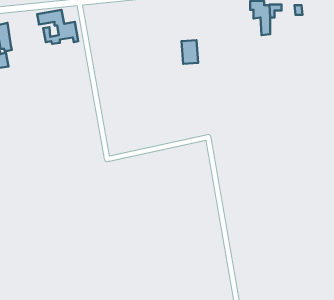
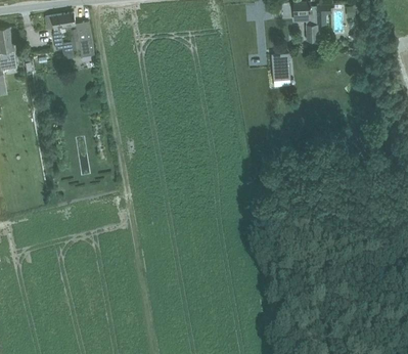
building: [182,40,198,64] -> [271,53,290,81]

